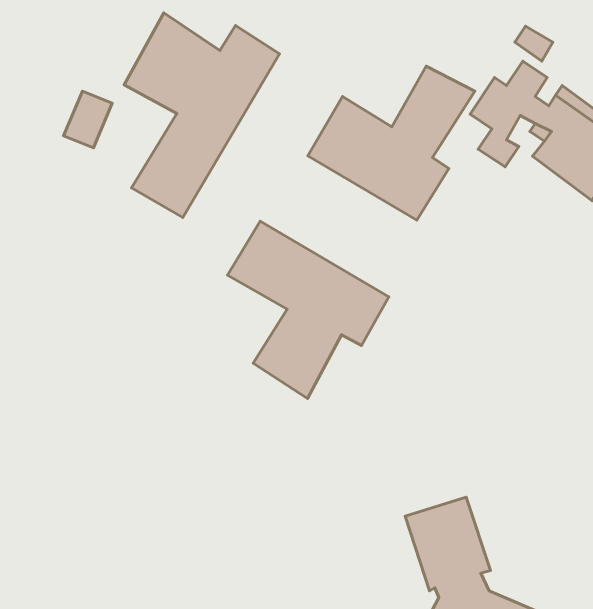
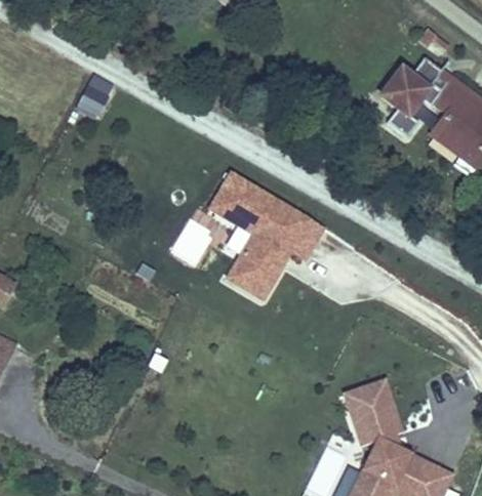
building: [124,13,280,217] -> none
building: [308,66,475,220] -> none

